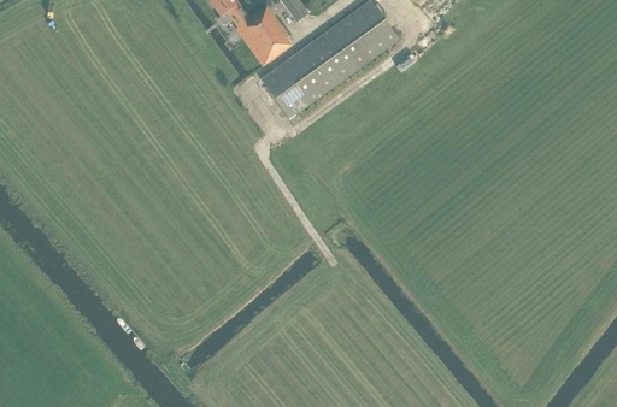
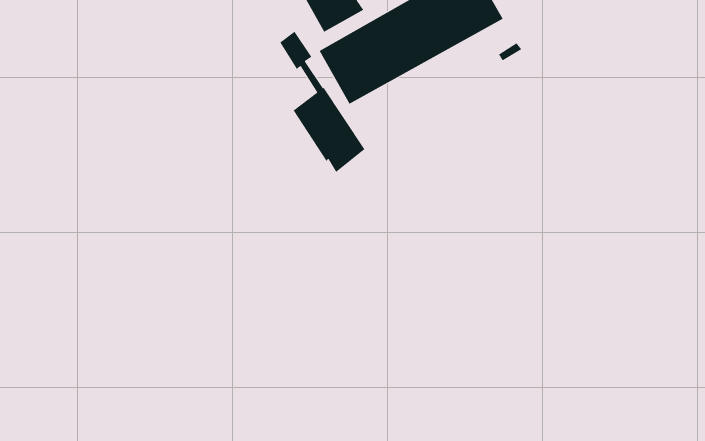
building: none -> [280,31,365,173]

